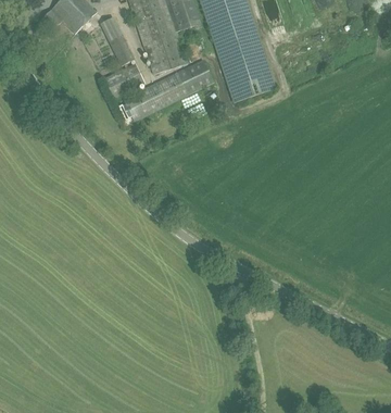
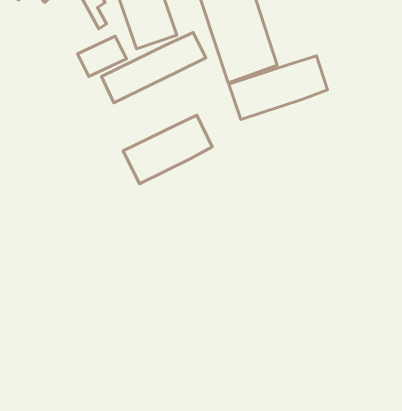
building: none -> [229,56,327,120]
building: none -> [123,115,212,184]

